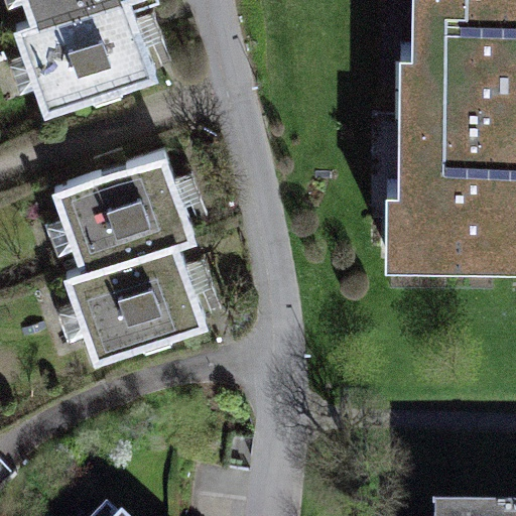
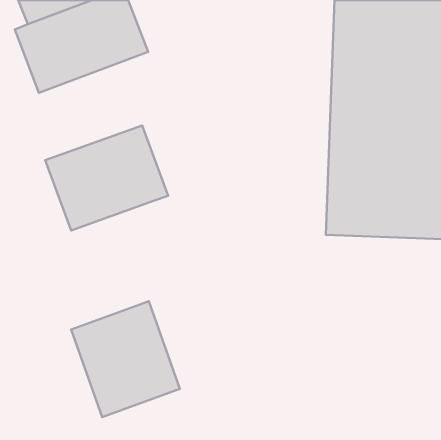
building: [69,237,209,359] -> none
building: none -> [71,301,180,417]

